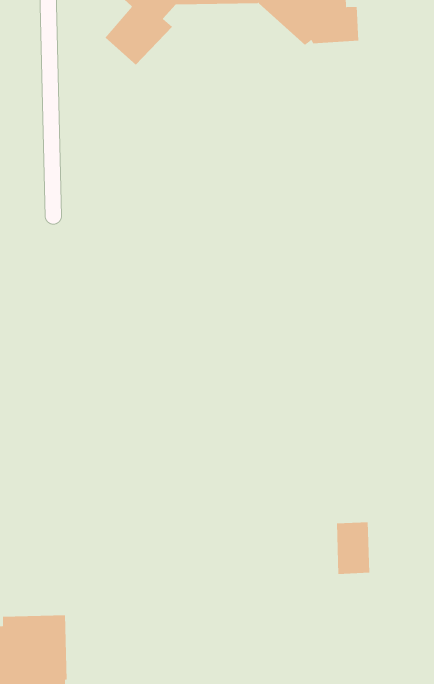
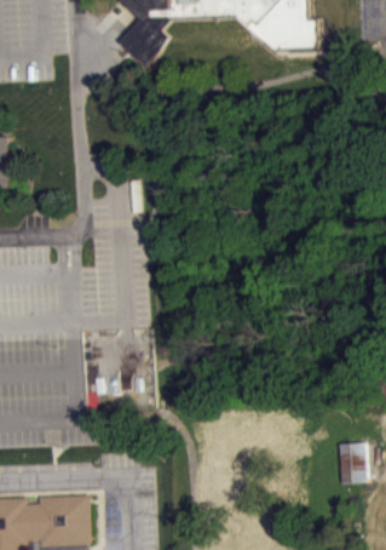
building: [336,522,370,574] -> [339,449,365,491]

